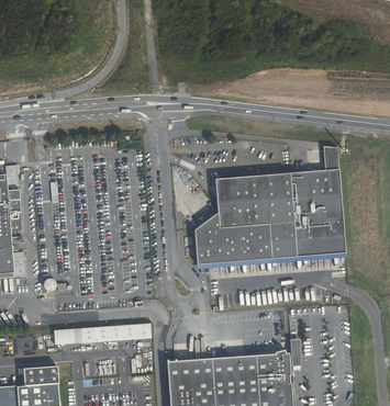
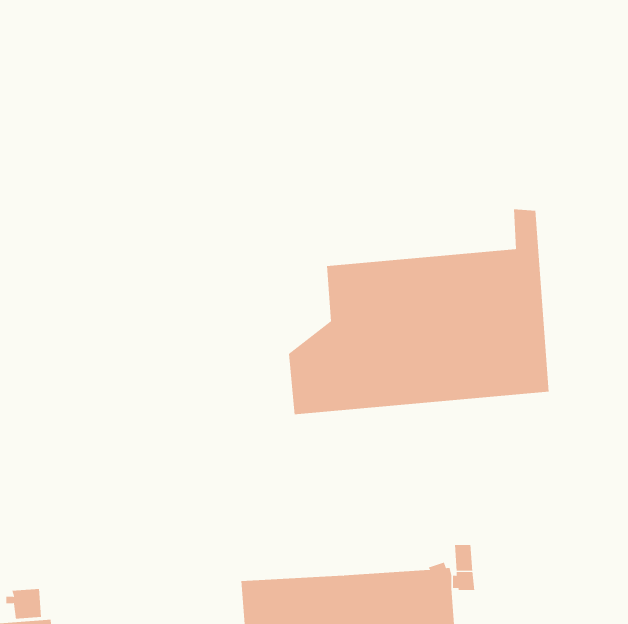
building: [53,324,151,346] -> none

